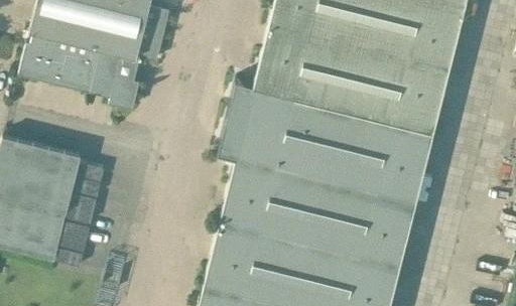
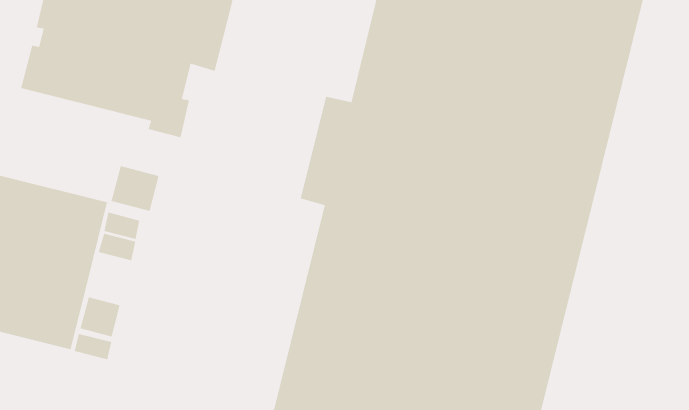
building: none -> [111,165,160,212]
building: [68,193,97,222] -> none

